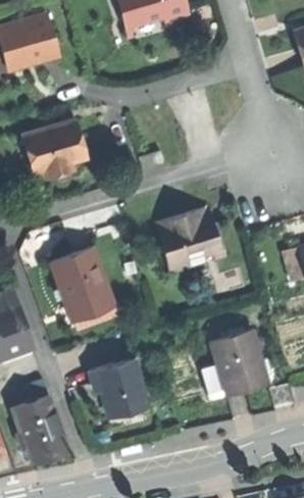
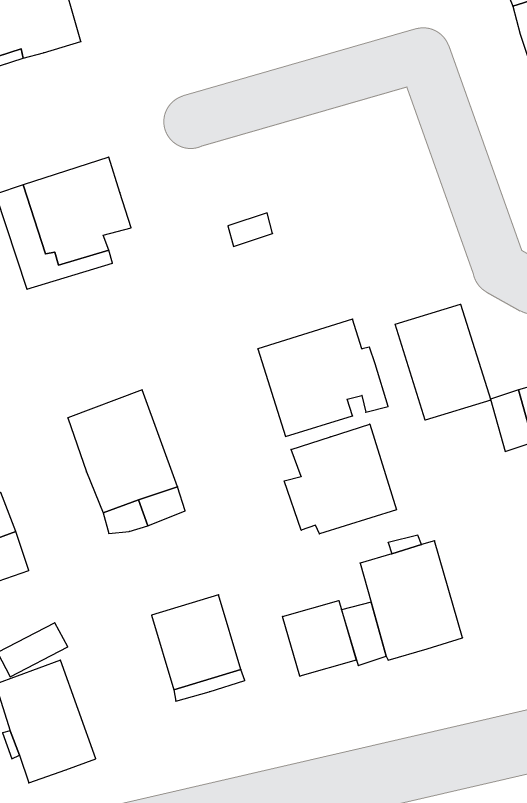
building: none -> [395,304,491,420]
building: none -> [284,424,396,534]
building: none -> [283,601,356,676]

